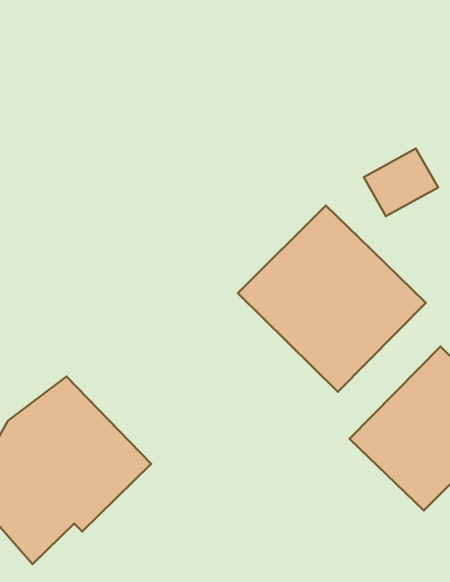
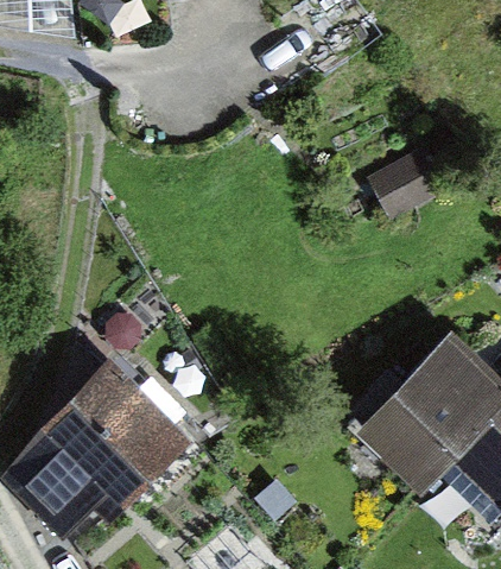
building: [238,206,426,392] -> none

